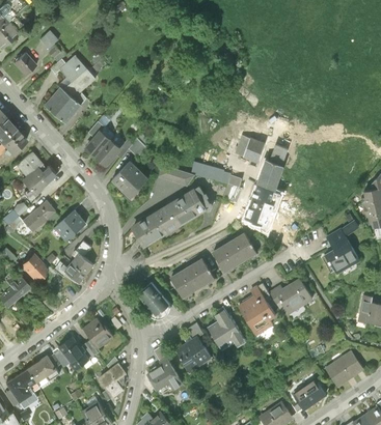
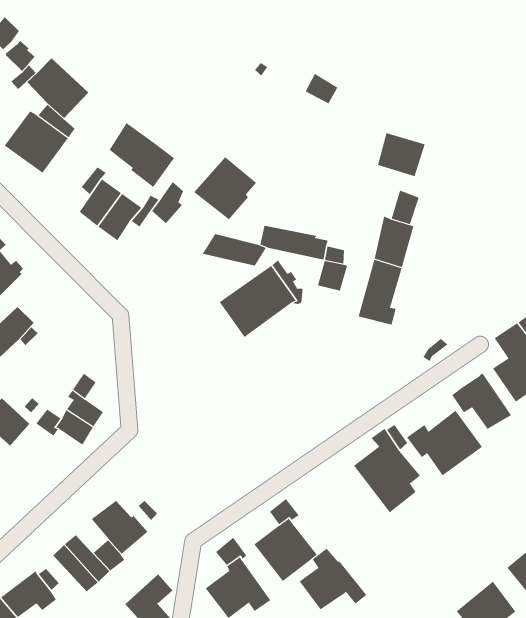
building: none -> [109,122,175,188]
building: [235,137,264,164] -> [377,133,425,177]
building: [113,160,151,197] -> [194,156,257,220]
building: [133,205,179,247] -> none
building: [55,208,88,240] -> none
building: [214,231,260,272] -> none
building: [171,256,217,298] -> none
building: none -> [451,373,512,430]
building: [138,283,170,317] -> none
building: [208,308,247,344] -> [299,548,367,610]

